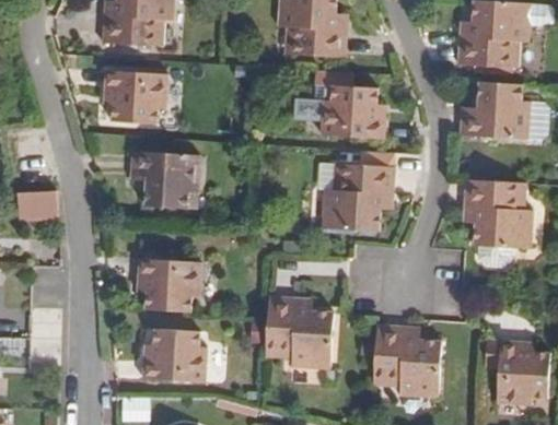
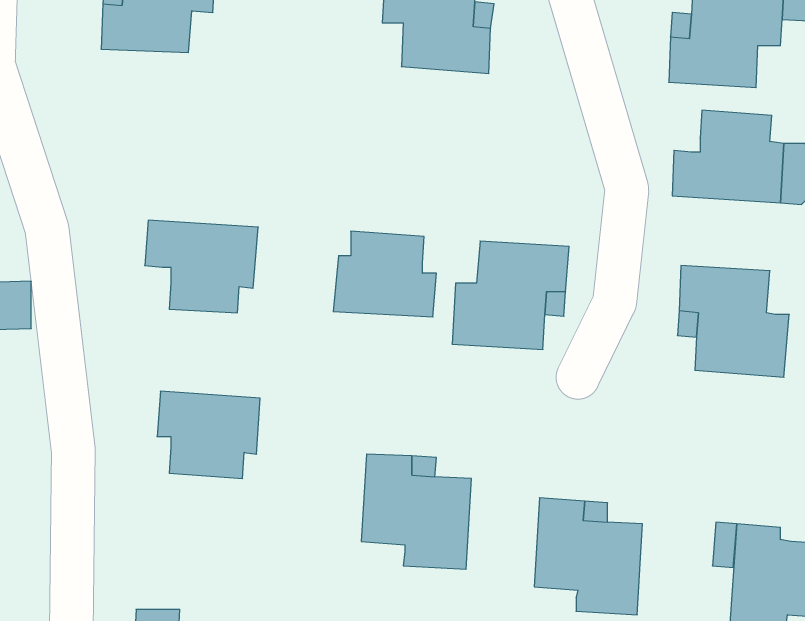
building: [103,71,167,125] -> none
building: [321,85,385,139] -> [333,231,436,317]
building: [142,329,207,382] -> none

